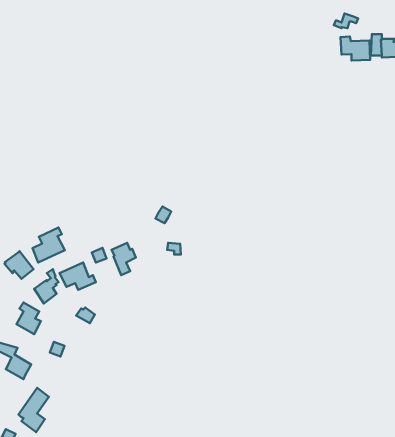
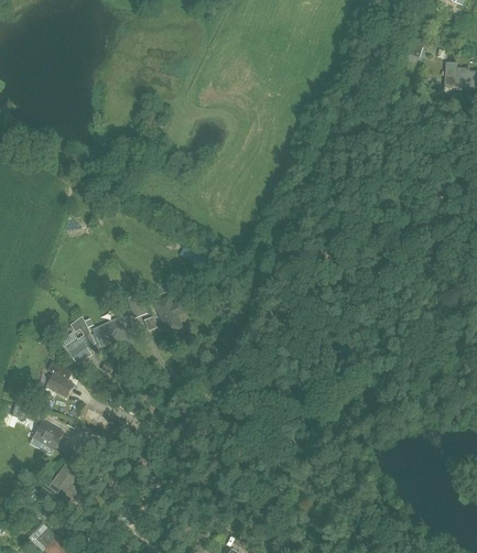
building: [341,36,370,60] -> none
building: [32,227,65,262] -> none
building: [5,251,33,279] -> none

